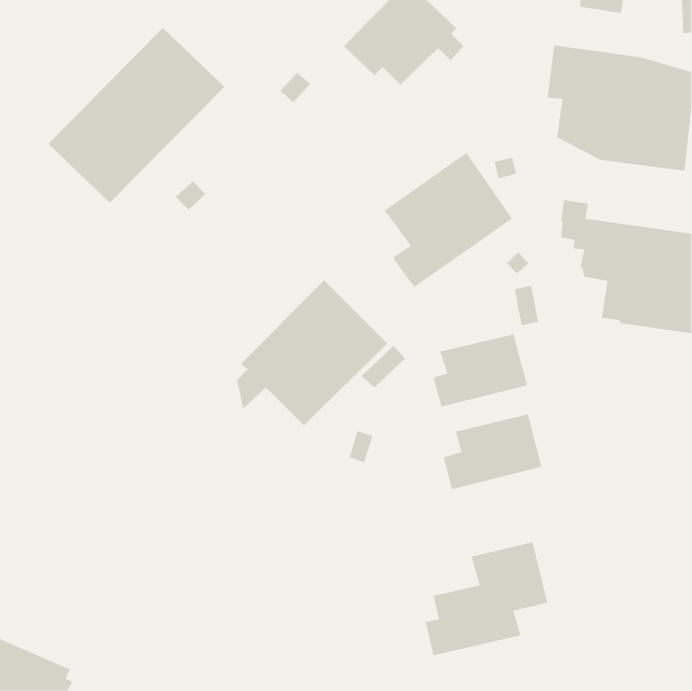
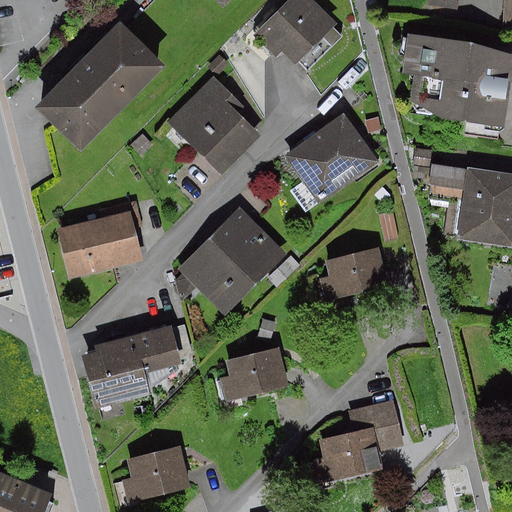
building: none -> [168,76,262,174]
building: none -> [57,200,143,277]
building: [443,414,542,490] -> [216,346,289,402]
building: none -> [81,323,192,408]
building: none -> [121,445,190,503]

